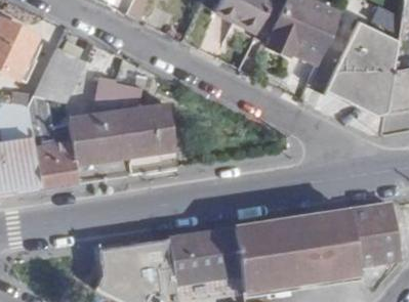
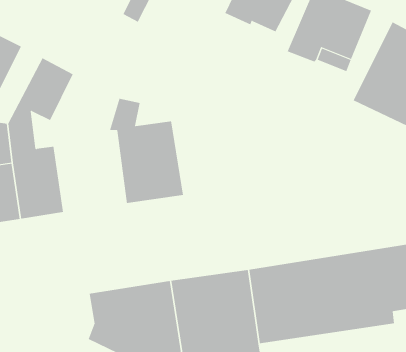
building: [68,78,130,181] -> none

